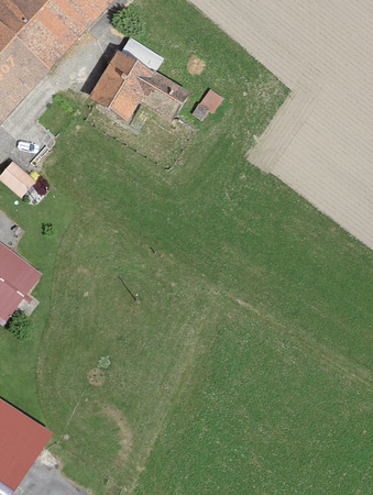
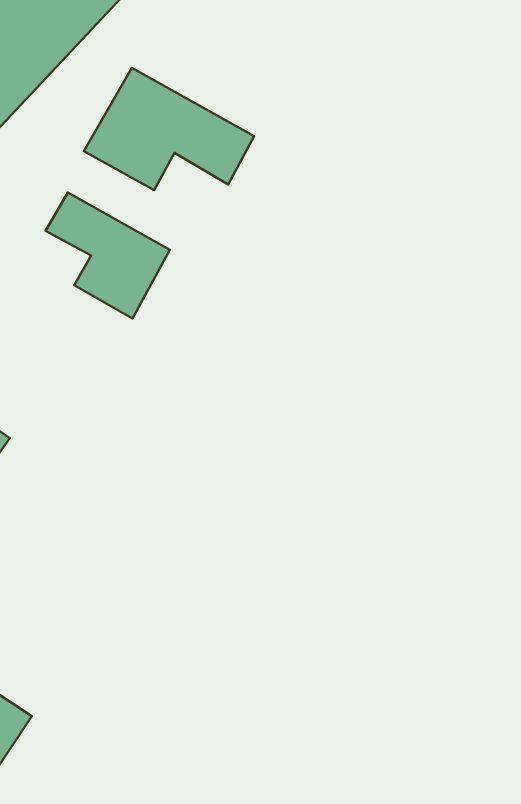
building: none -> [45,193,170,318]

